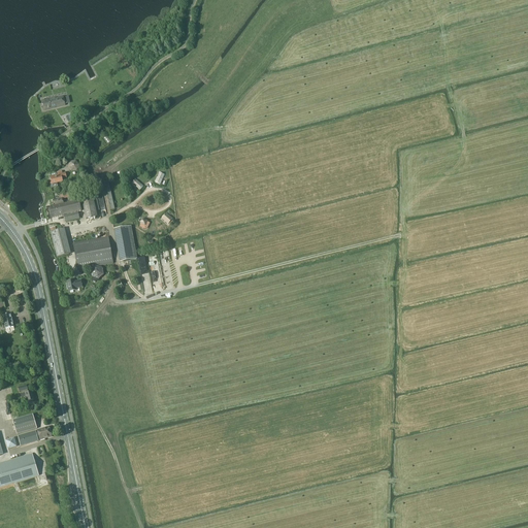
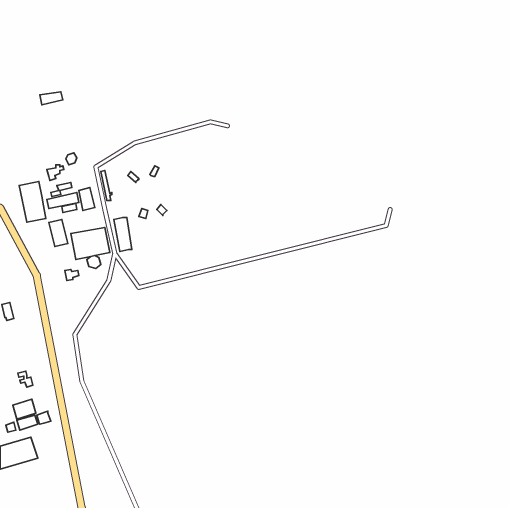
building: none -> [19,181,46,222]

